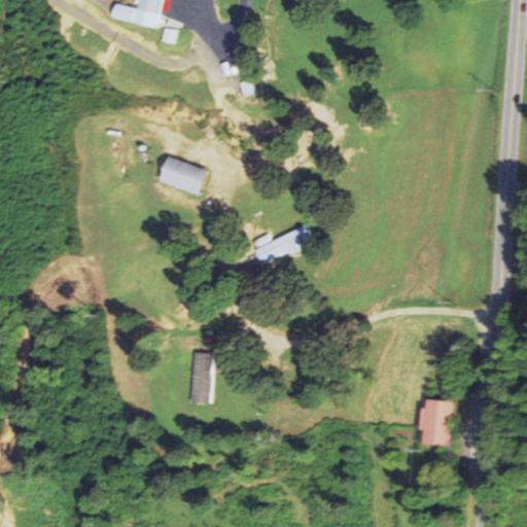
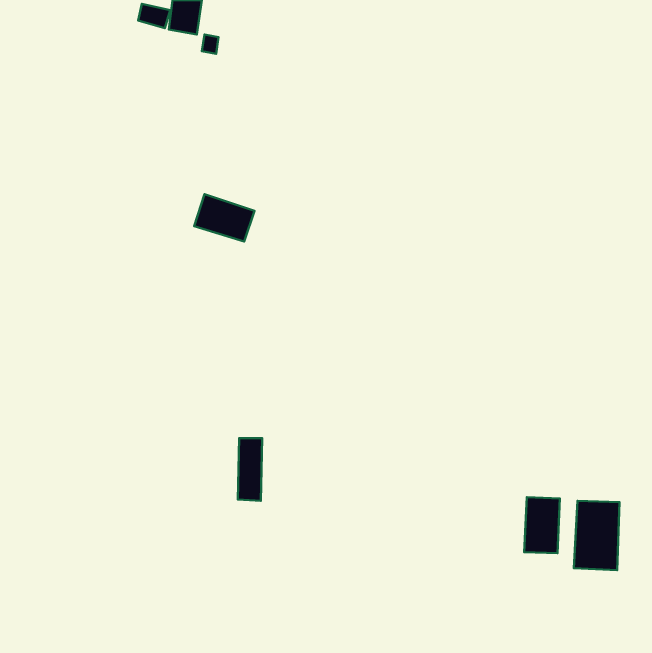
building: [254,227,313,264] -> none
building: none -> [574,501,619,570]

